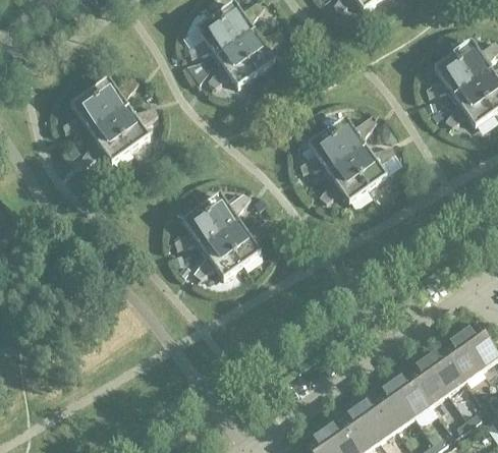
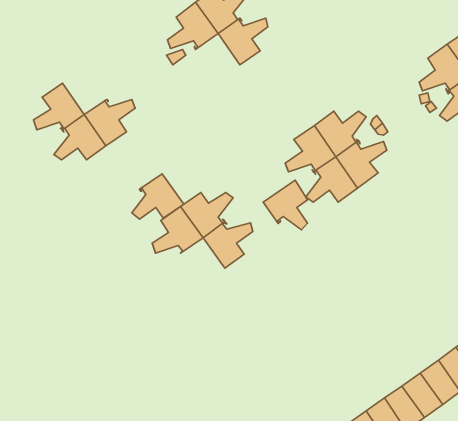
building: [207,44,256,87] -> none
building: [89,77,137,120] -> none
building: none -> [263,180,308,230]
building: [192,236,241,279] -> [132,174,184,219]

